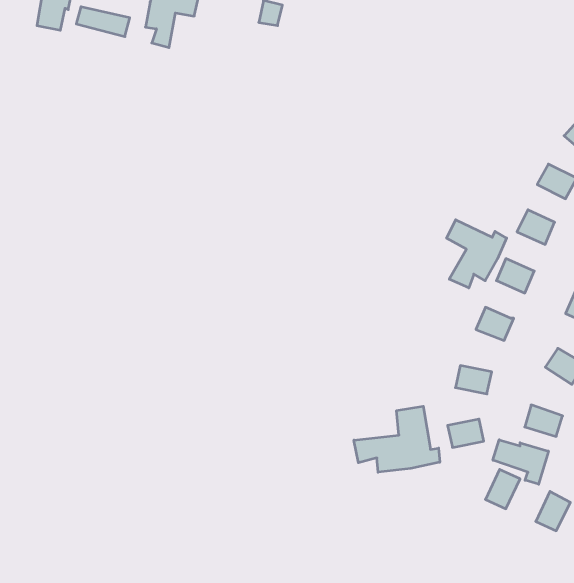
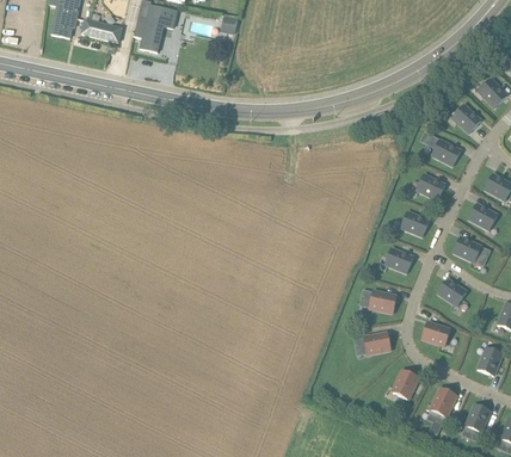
building: [447,220,507,288] -> none
building: [354,406,440,472] -> none
building: [493,440,548,484] -> none

